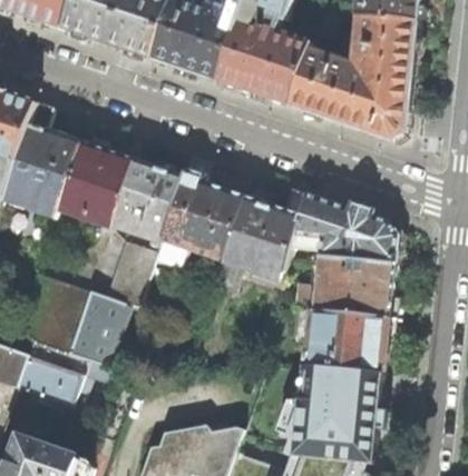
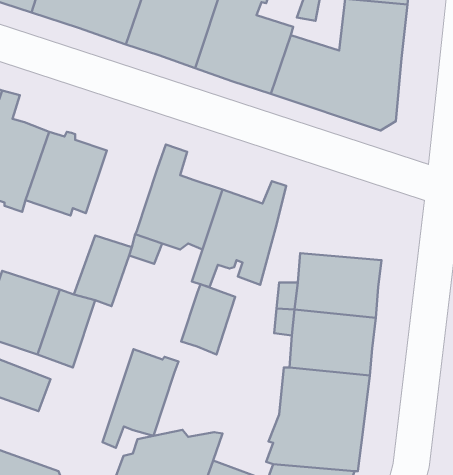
building: [111,159,181,236] -> none
building: [293,192,396,262] -> none
building: none -> [181,284,235,354]
building: none -> [102,349,179,448]

